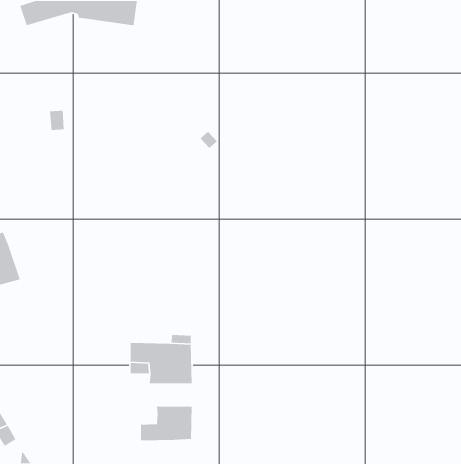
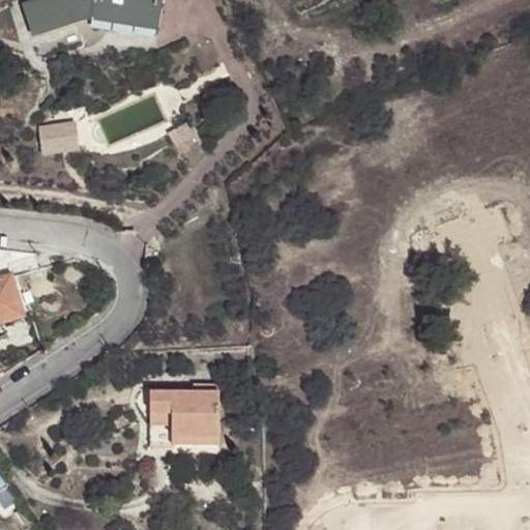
building: [140,406,192,441] -> none

